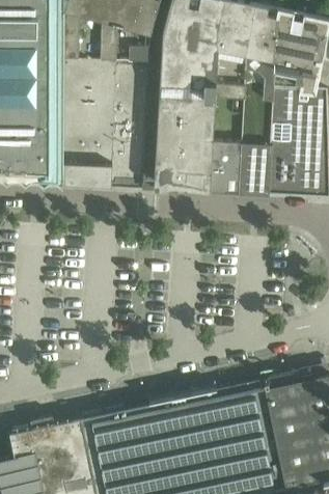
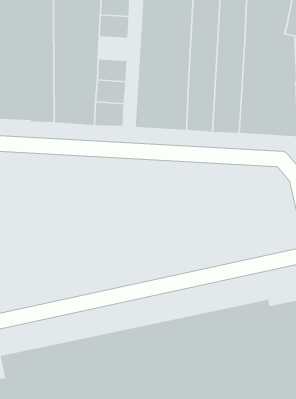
building: [114,90,146,116] -> none

